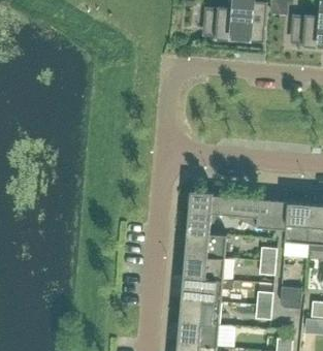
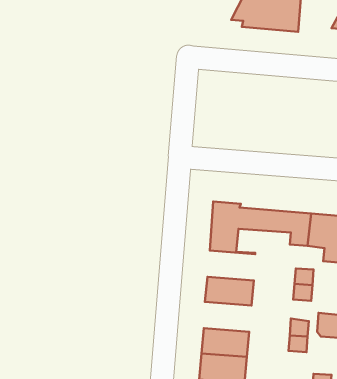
building: [185,232,226,258] -> none
building: [182,277,232,302] -> none

